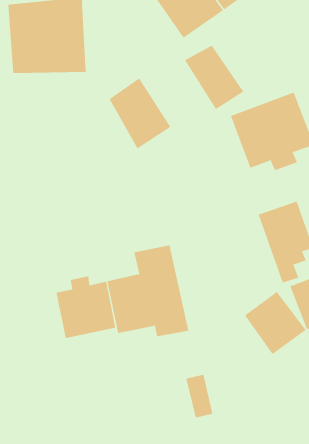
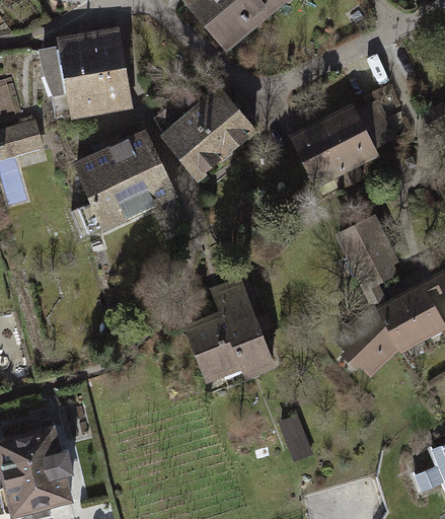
building: [184,45,244,110] -> [189,86,256,154]
building: none -> [77,127,179,237]
building: [56,275,116,339] -> none

